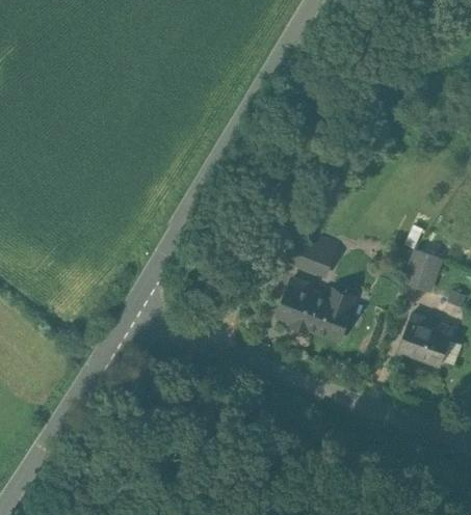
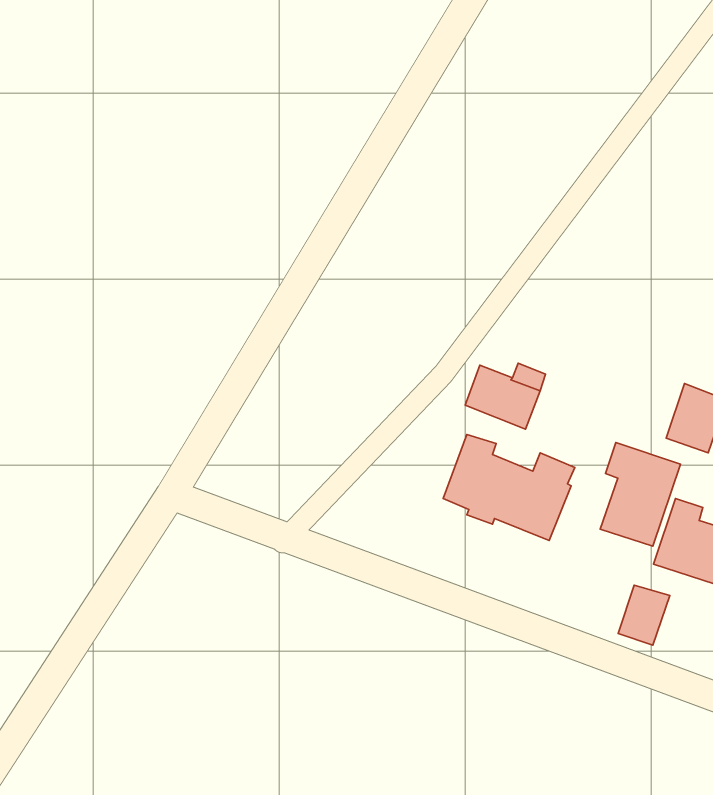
building: none -> [600,443,681,546]
building: none -> [618,585,670,645]

